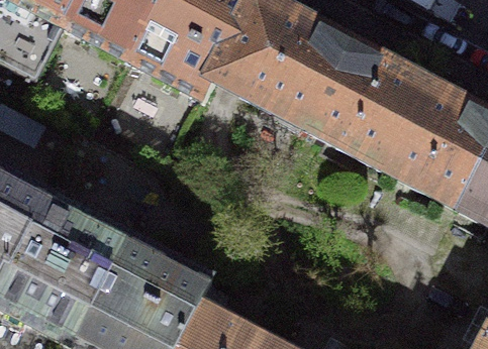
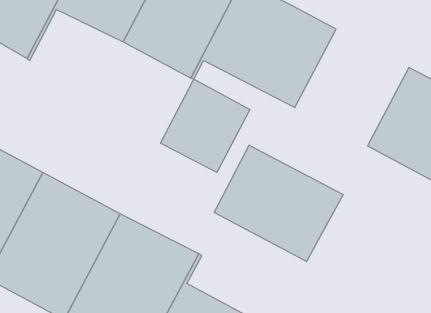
building: [309,46,426,166] -> none
building: none -> [161,79,250,172]
building: none -> [214,145,343,262]

